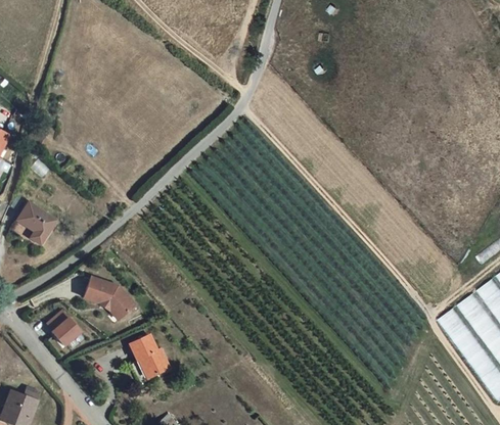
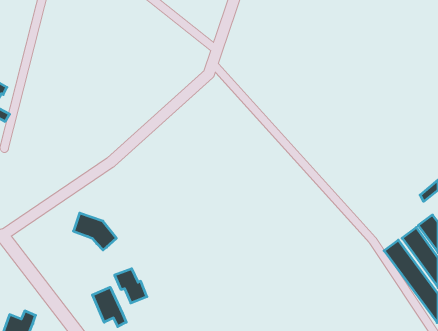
building: [16,203,56,246] -> none
building: [47,310,79,344] -> none
building: none -> [92,287,126,327]

